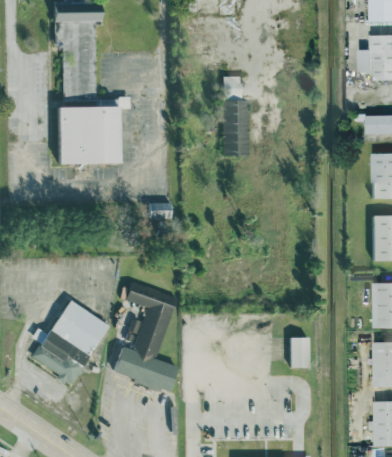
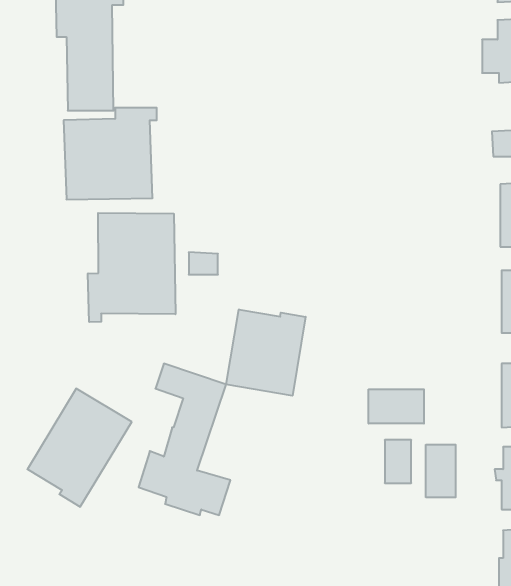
building: [222,77,249,154] -> none
building: none -> [88,213,175,322]
building: none -> [226,309,306,396]
building: none -> [369,389,424,424]
building: none -> [426,445,456,497]

